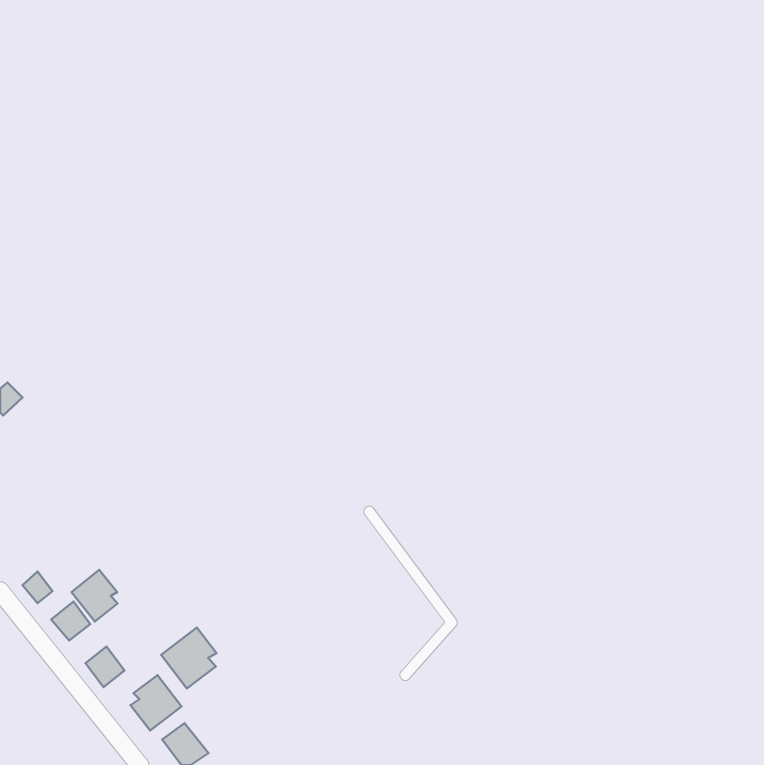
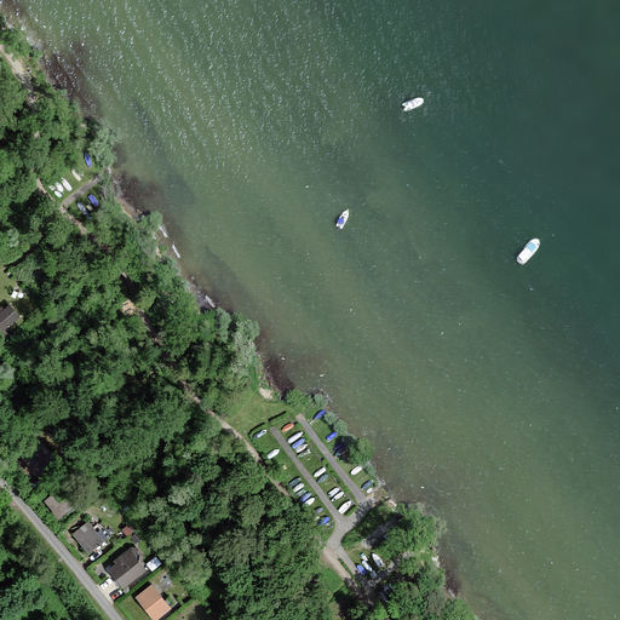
building: [71,570,118,622] -> none
building: [161,628,217,689] -> none

